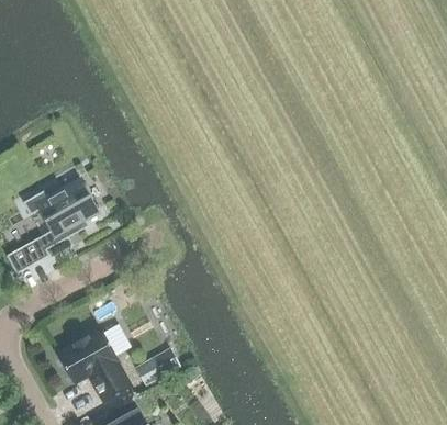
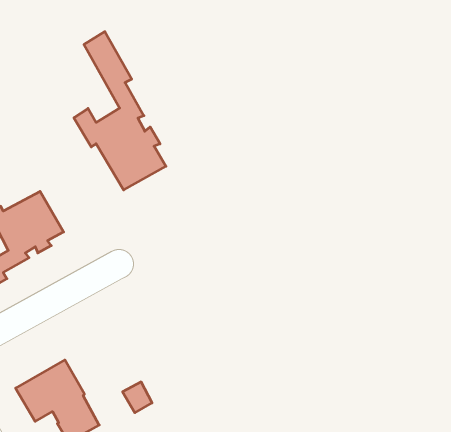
building: none -> [74,32,166,190]

